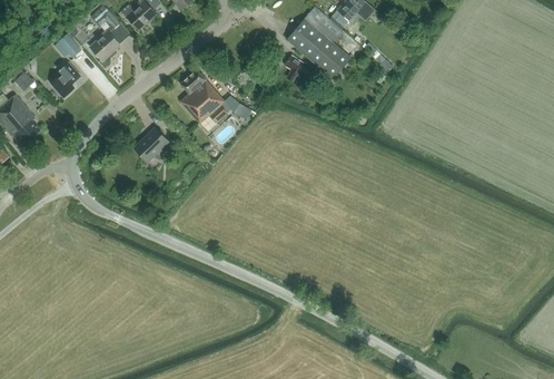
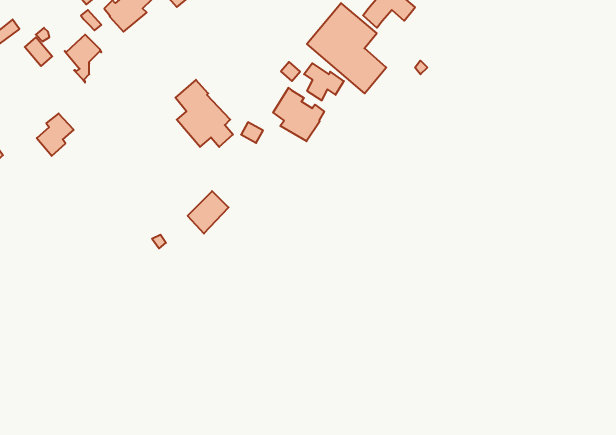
building: [51,64,81,98] -> [37,113,74,156]
building: none -> [273,88,324,141]
building: [135,128,168,163] -> [188,191,229,234]

